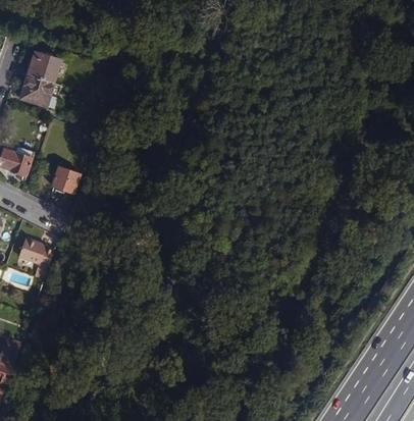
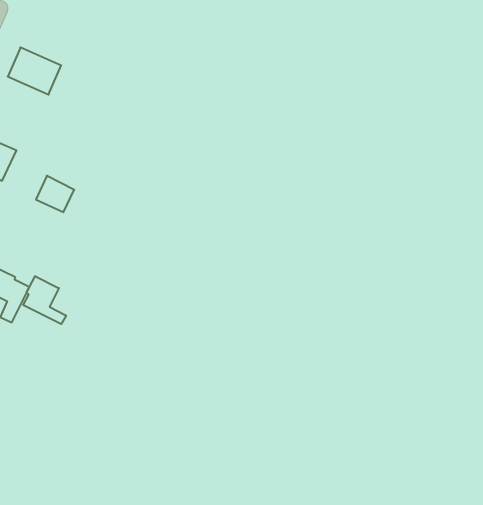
building: [29,52,60,83] -> none
building: none -> [23,276,66,324]

